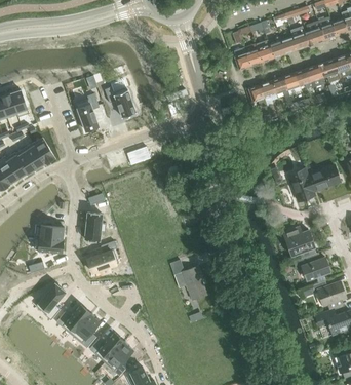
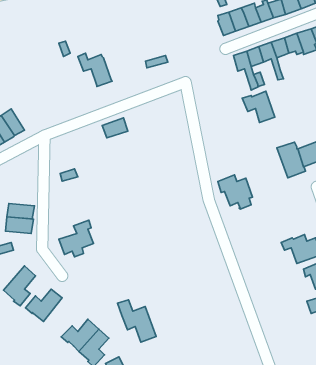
building: [76,93,100,130] -> none
building: none -> [242,91,275,123]
building: [85,211,106,240] -> none
building: [283,226,315,258] -> [218,175,252,209]
building: [170,260,206,299] -> [117,300,156,342]
building: [73,312,100,347] -> none

